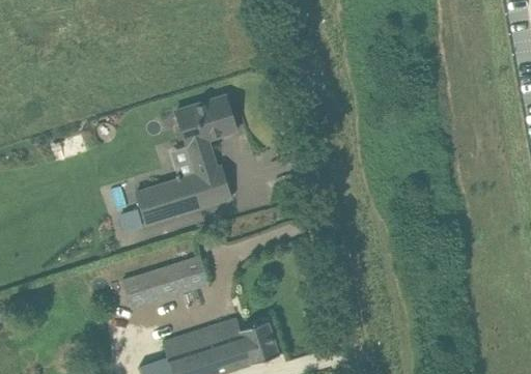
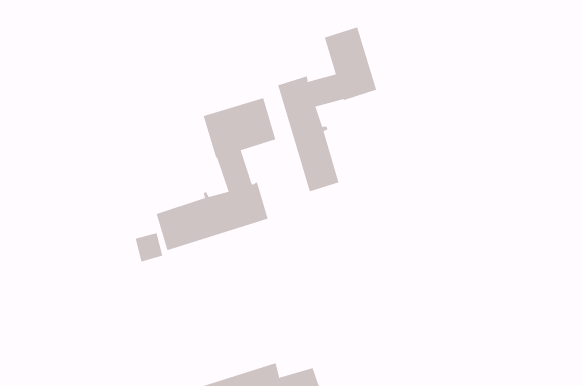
building: none -> [278,26,377,192]
building: [120,257,208,310] -> none

